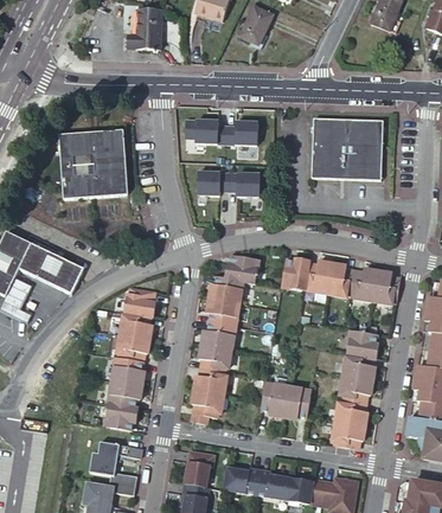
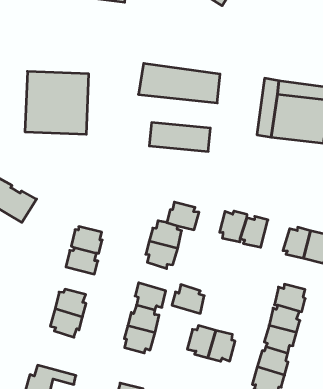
building: [325,264,353,297] -> none
building: [199,321,232,350] -> [172,285,204,313]
building: [117,334,152,361] -> none
building: [107,402,140,430] -> none

